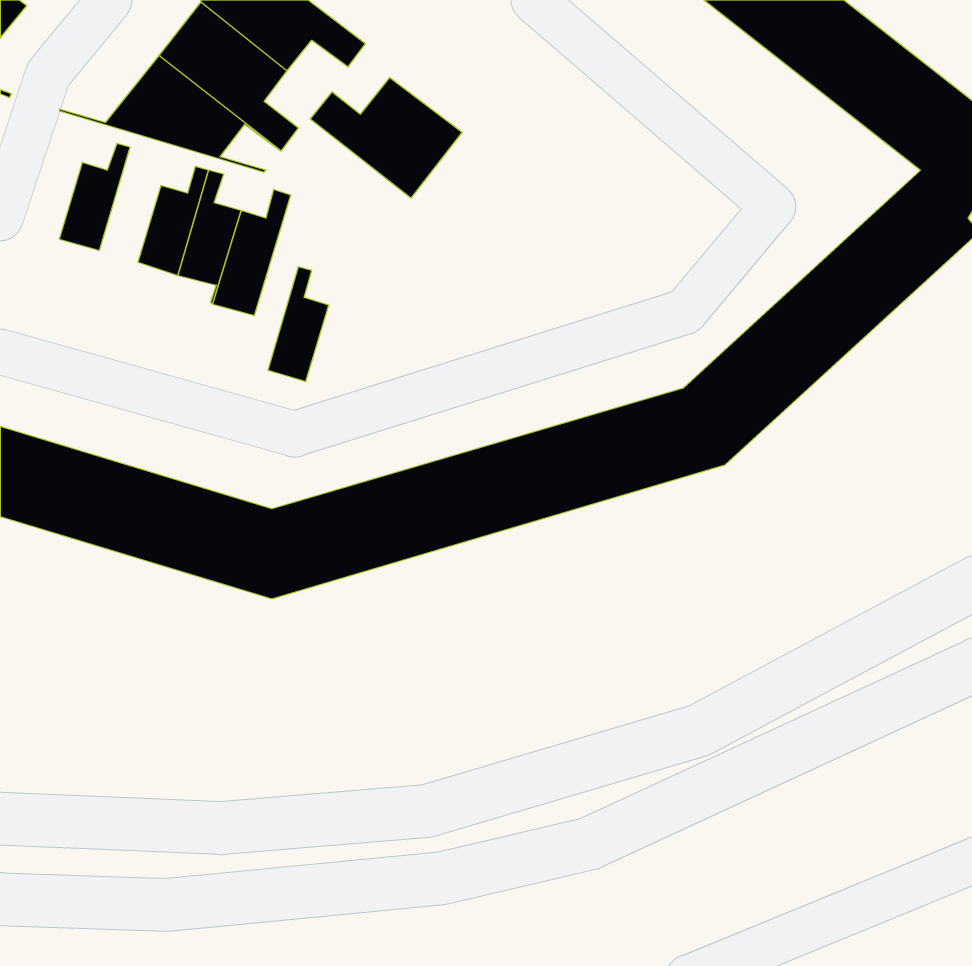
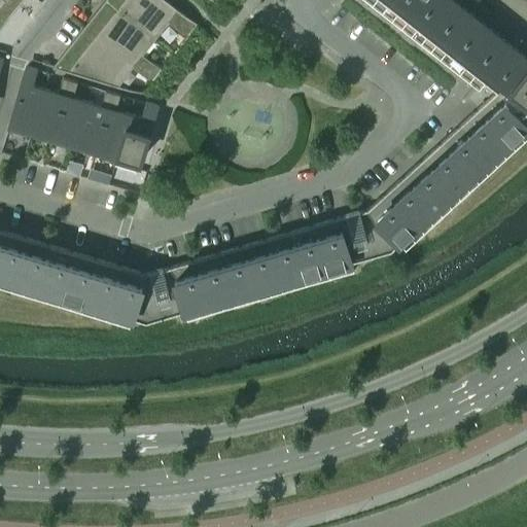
building: [310,78,462,198] -> none
building: none -> [12,72,47,135]
building: [268,267,329,382] -> [57,85,90,147]

